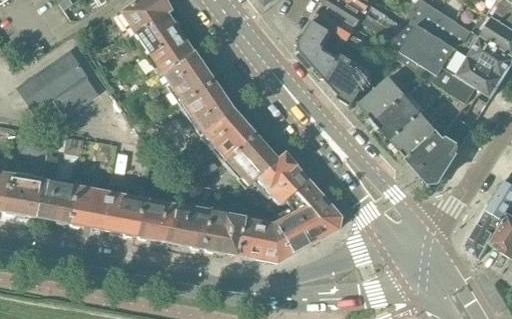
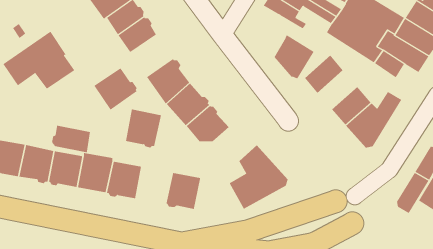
building: [299,19,338,78] -> none
building: [161,52,211,101] -> [94,68,137,110]
building: [375,93,421,138] -> none
building: [255,151,306,203] -> none
building: none -> [52,125,90,153]
building: [168,203,210,248] -> [125,109,162,148]
building: [235,217,291,260] -> none

